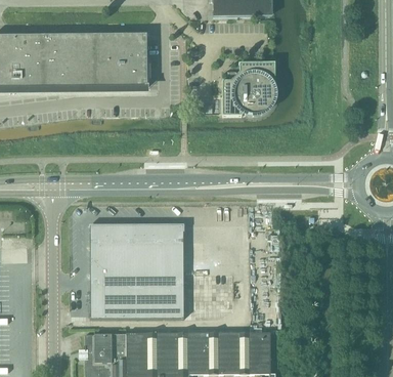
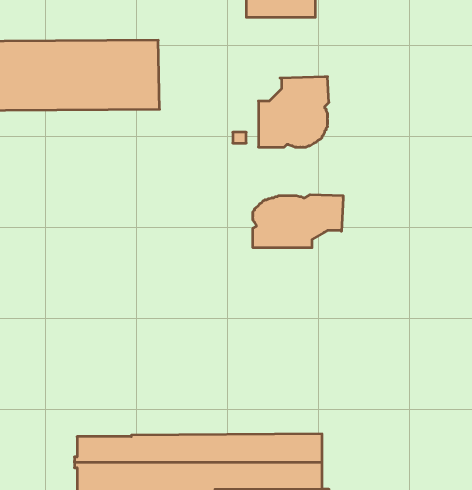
building: none -> [253,195,343,248]
building: [89,225,182,319] -> none

